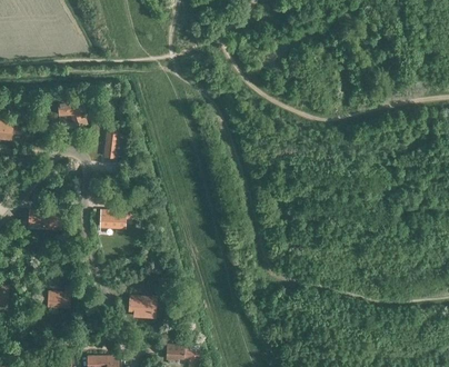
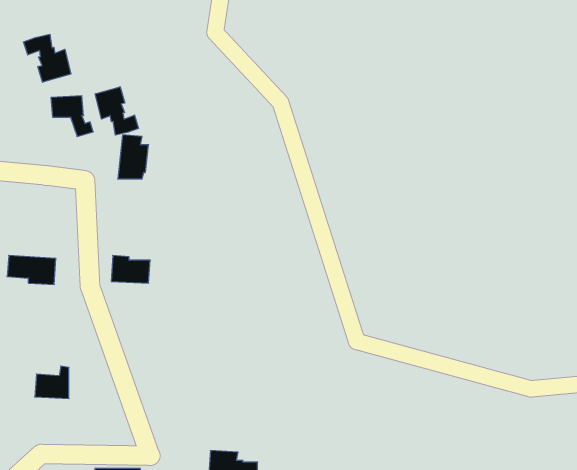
building: none -> [24,34,71,82]
building: none -> [95,87,139,135]
building: [129,298,156,318] -> none

